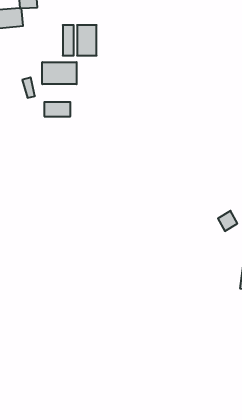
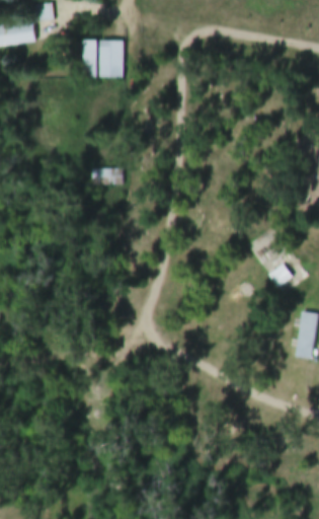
building: [42,62,77,84] -> none
building: [44,102,70,116] -> [93,168,125,186]

